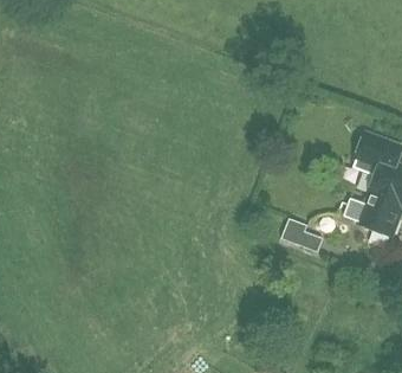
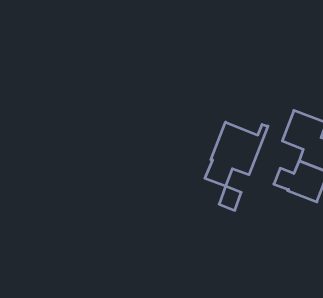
building: none -> [205,122,268,186]

